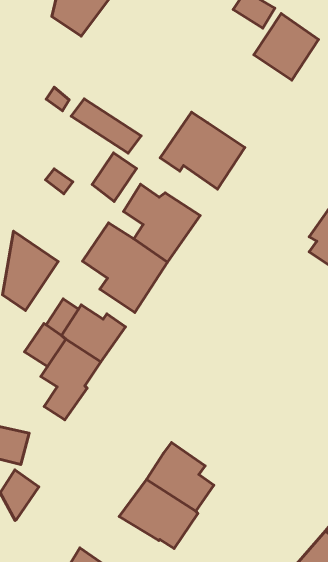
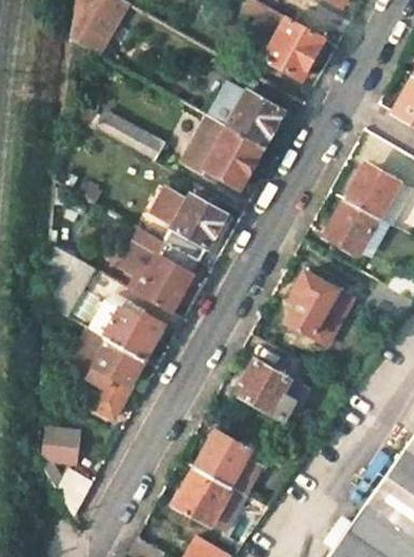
building: none -> [225,91,283,146]
building: [92,153,137,202] -> none
building: none -> [287,271,337,344]
building: none -> [236,359,306,419]

